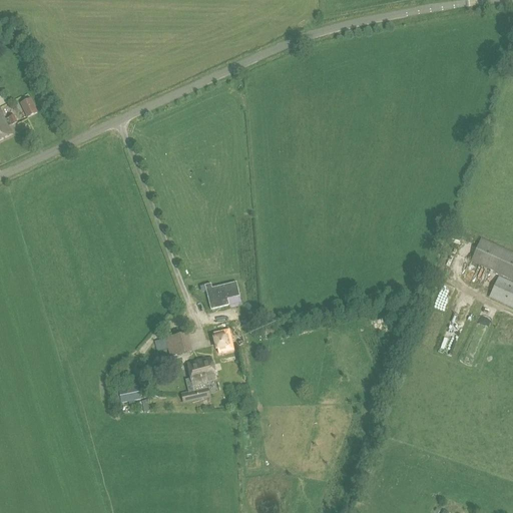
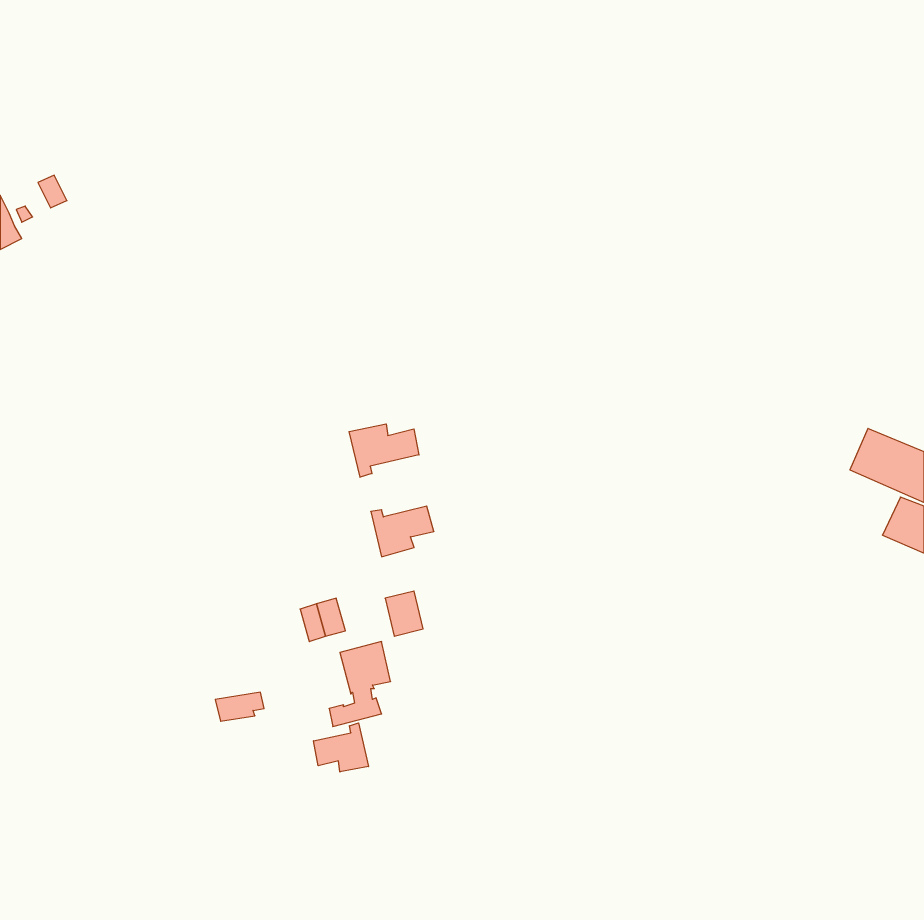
building: none -> [349,424,419,477]
building: none -> [314,723,368,772]

